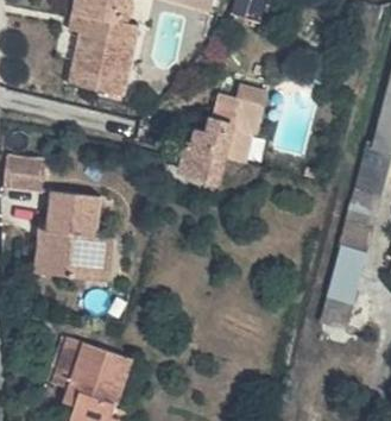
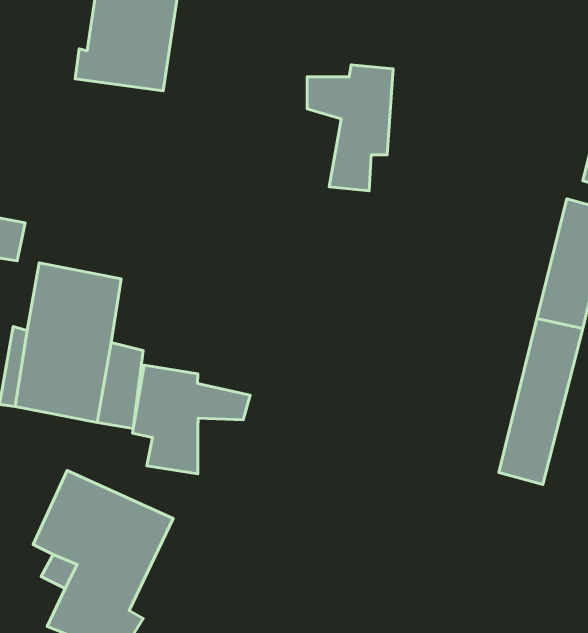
building: [177,112,227,182] -> none
building: none -> [132,365,250,474]

